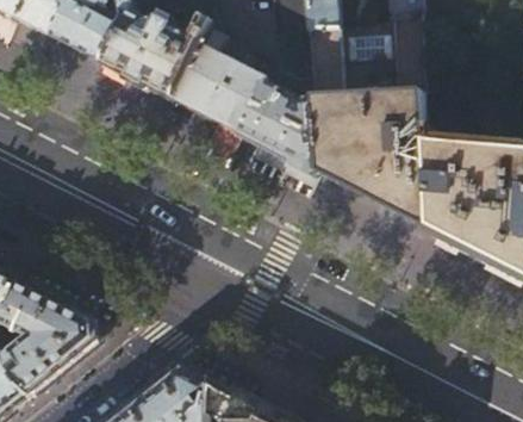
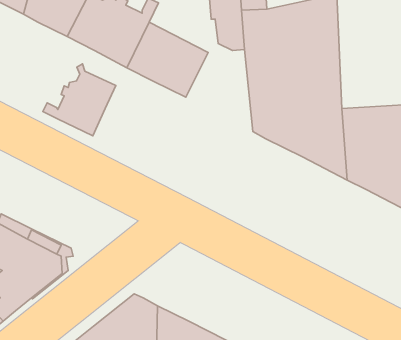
building: [241,69,319,173] -> none
building: none -> [43,64,116,136]

